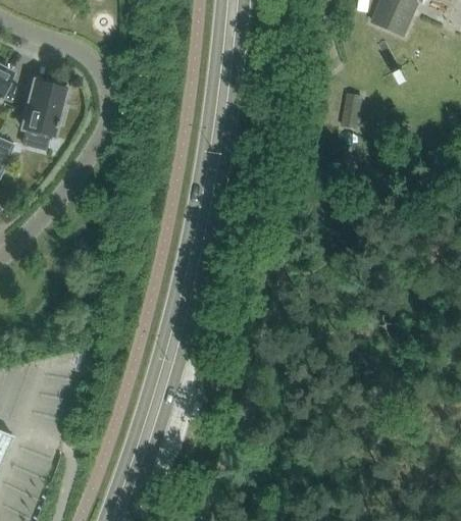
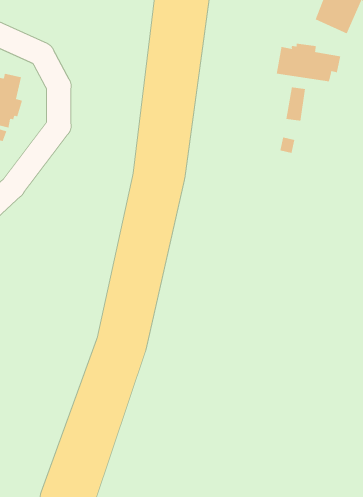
building: none -> [276,43,341,82]

